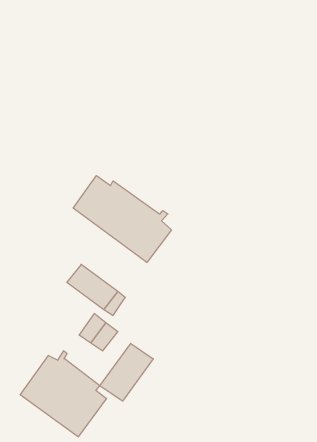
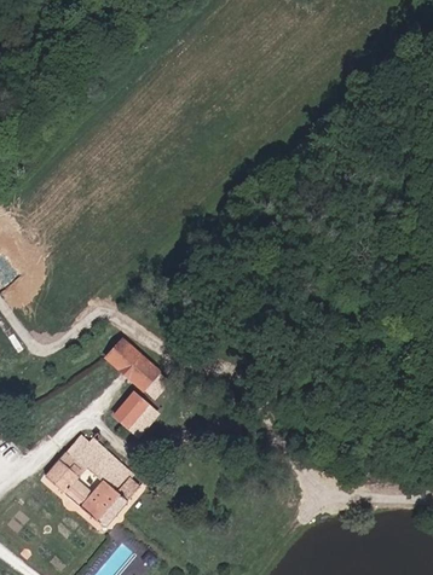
building: [73,176,171,262] -> none
building: [100,343,153,401] -> none

